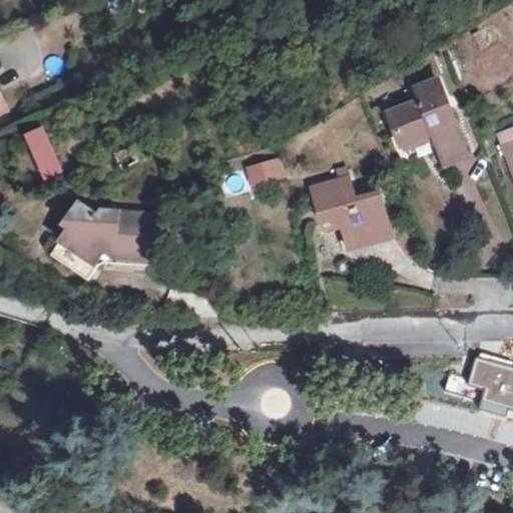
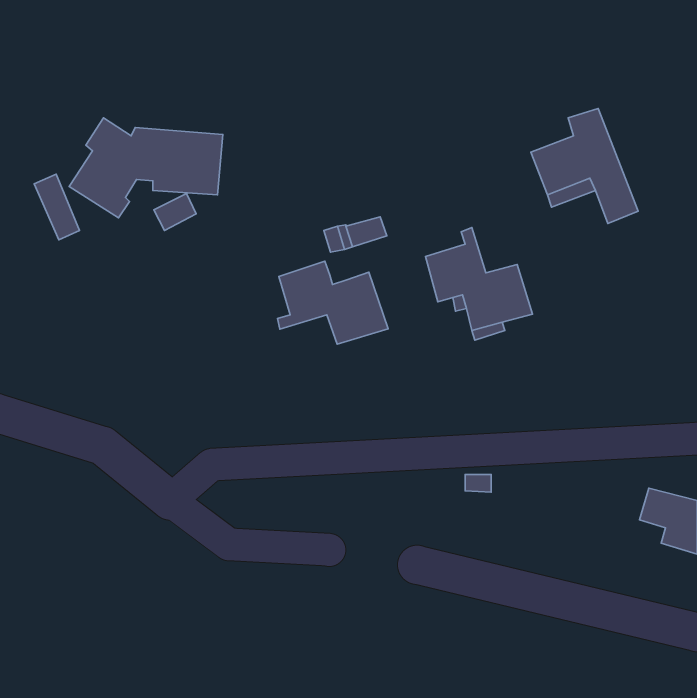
building: none -> [277,261,388,344]
building: [51,202,163,276] -> [69,118,223,218]

